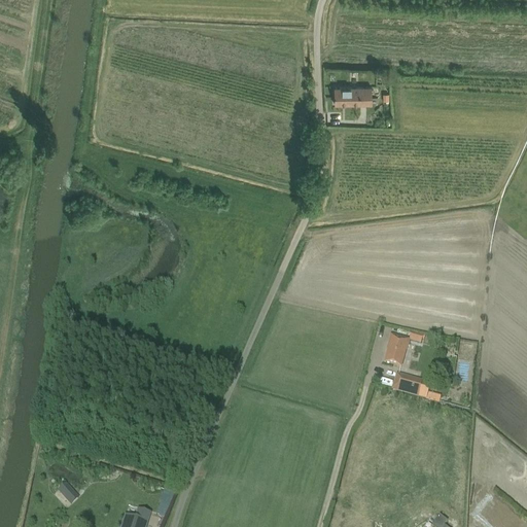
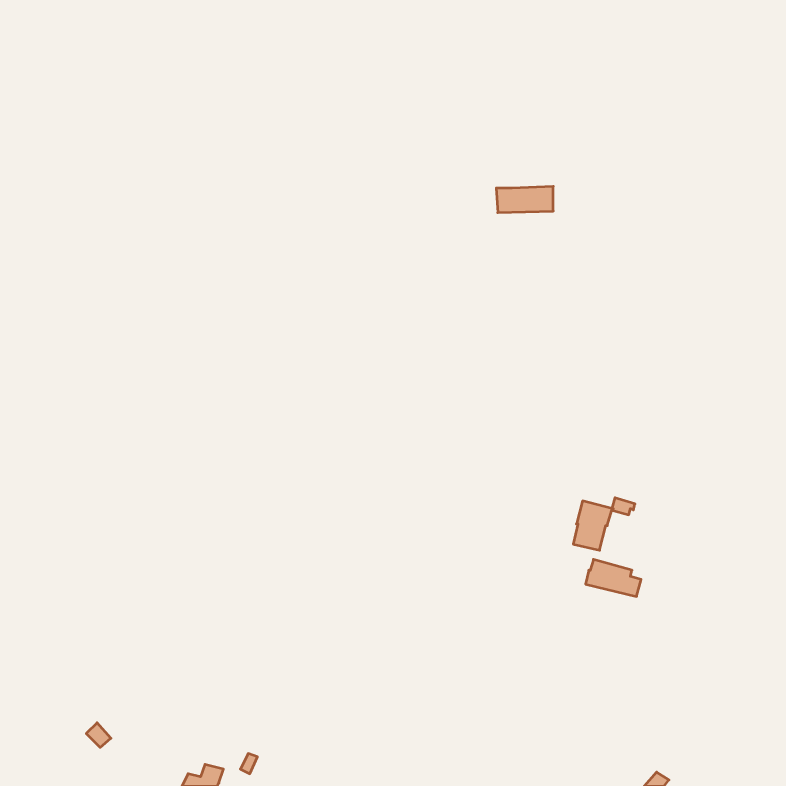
building: [335,85,373,103] -> [496,186,553,213]

